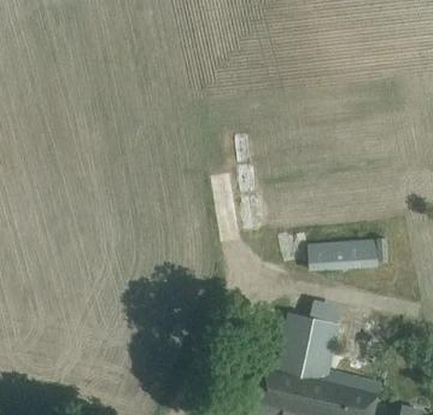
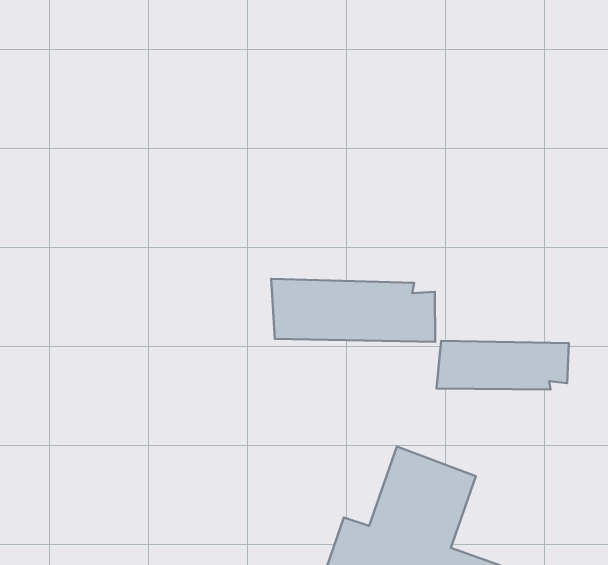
building: none -> [271,279,435,342]

